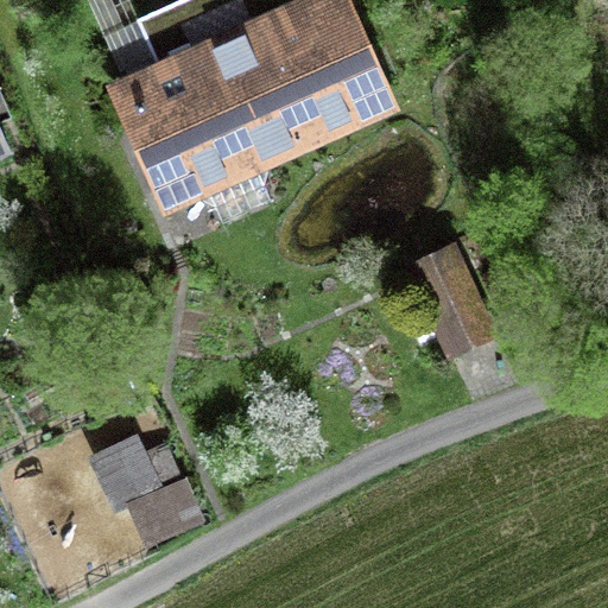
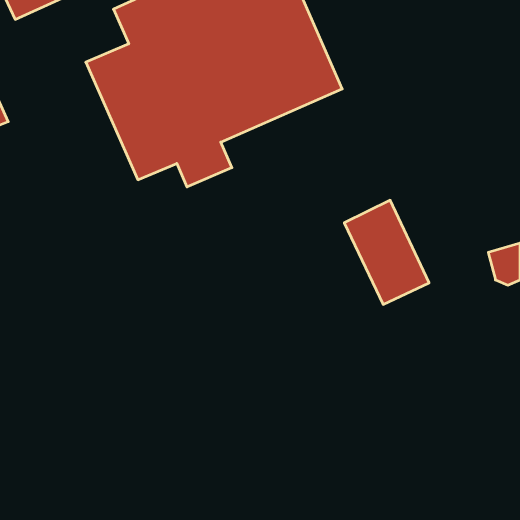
building: [84,426,201,540] -> none

